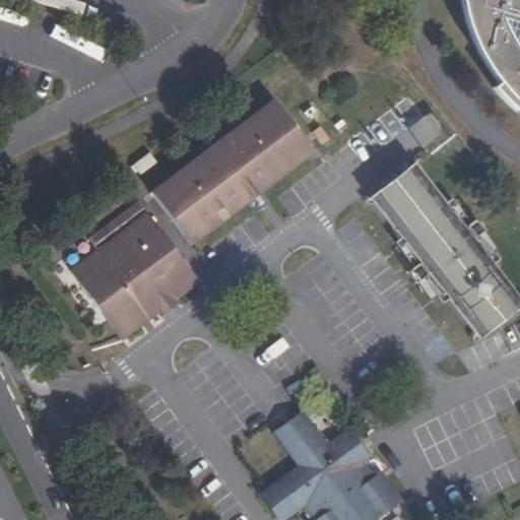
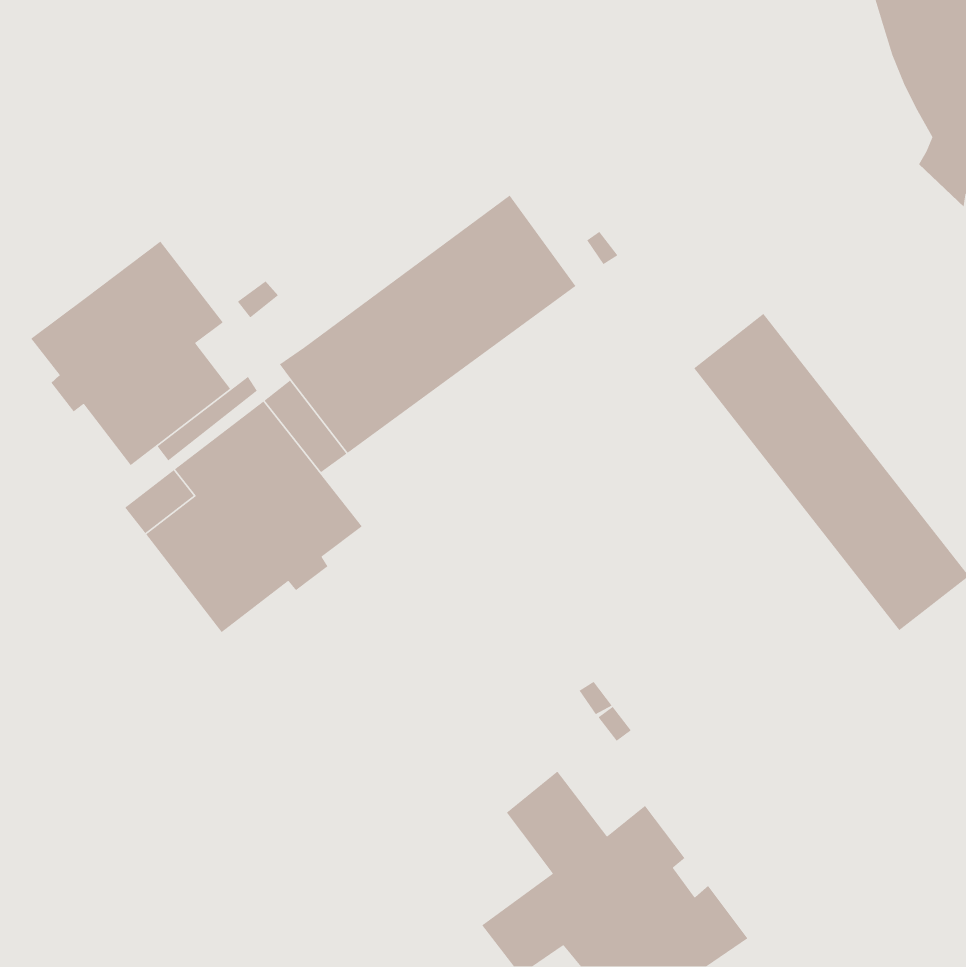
building: none -> [30,241,231,466]

